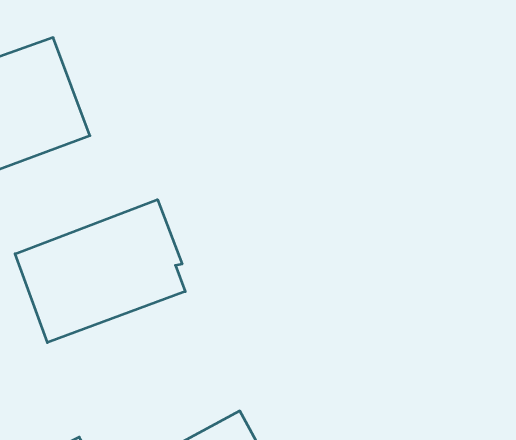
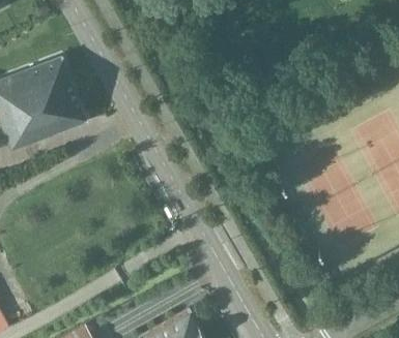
building: [15,200,185,343] -> none

